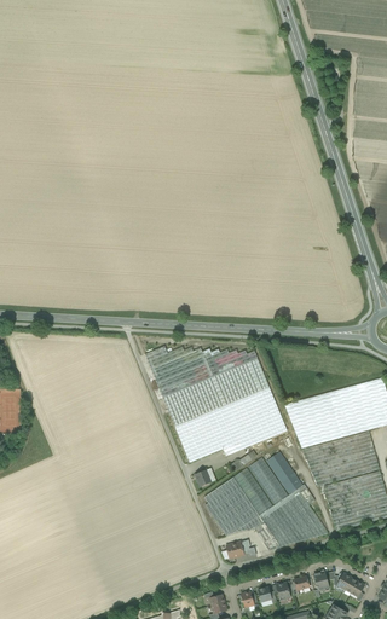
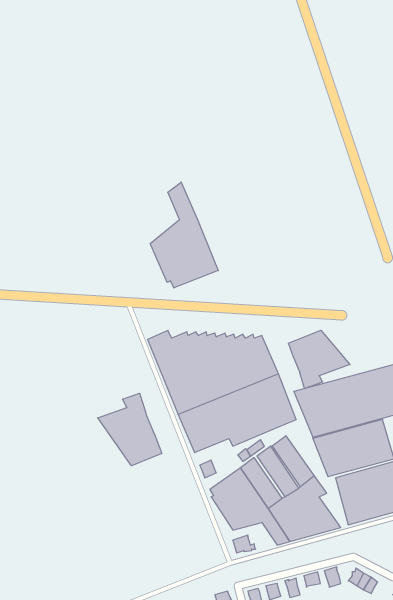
building: none -> [150,182,218,288]
building: none -> [289,330,350,389]
building: none -> [98,393,162,466]

